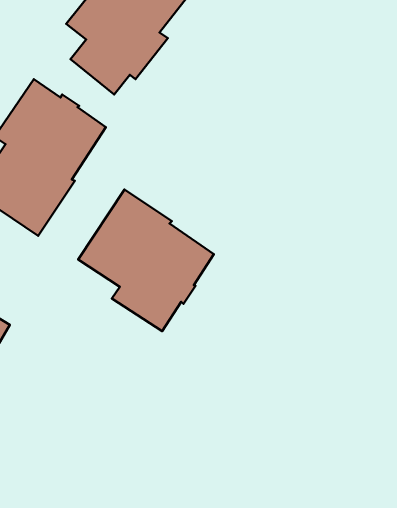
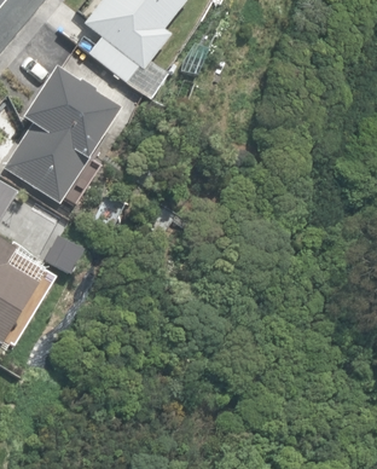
building: [78,189,214,331] -> none

